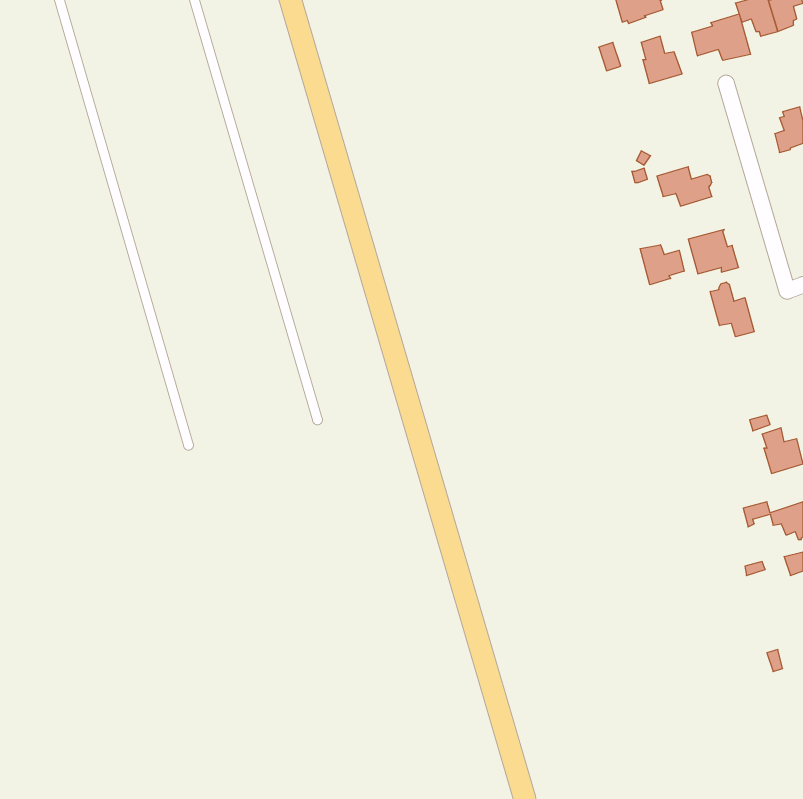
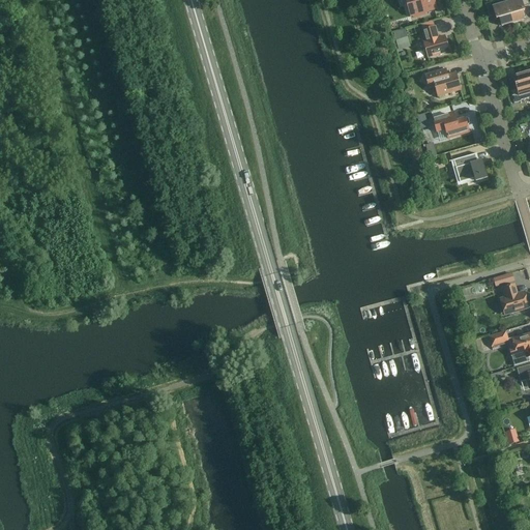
building: [692,14,751,60] -> none
building: none -> [425,66,460,93]
building: [640,245,684,285] -> none
building: [710,282,754,337] -> none

